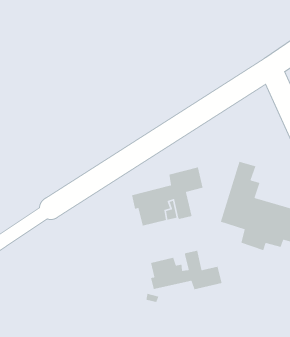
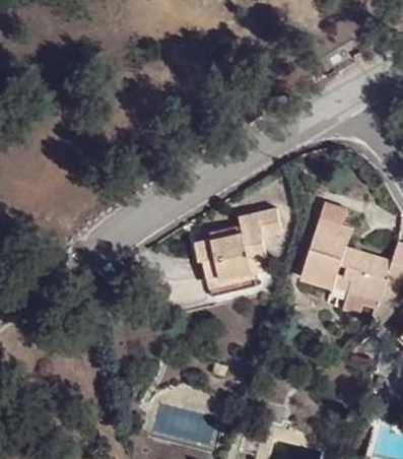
building: [150,250,222,290] -> none

